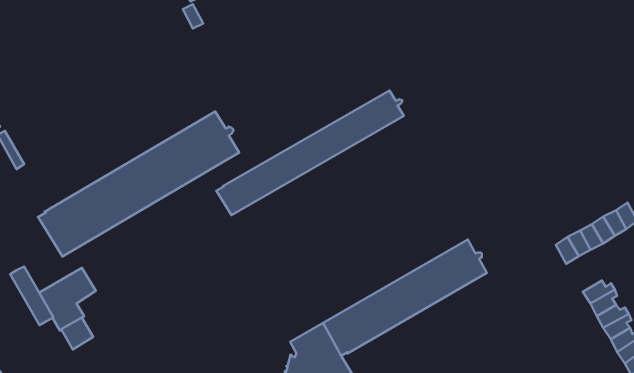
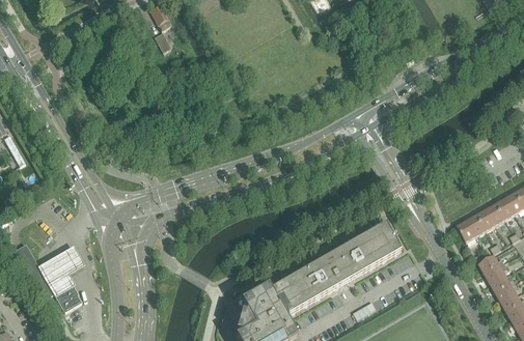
building: [216,91,404,215] -> none
building: [38,112,239,257] -> none

